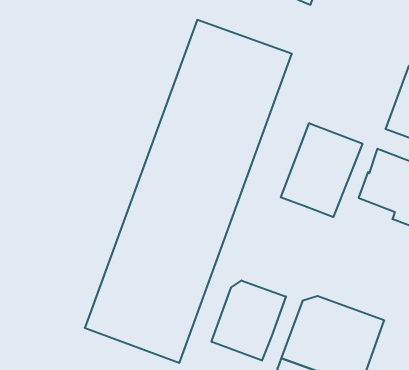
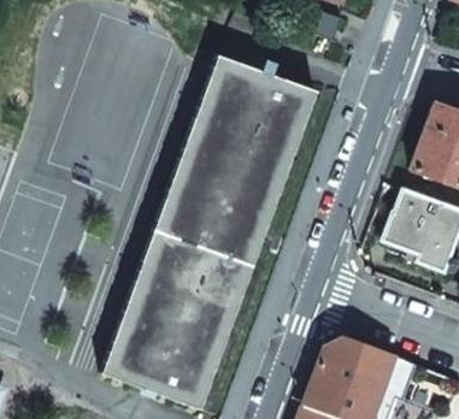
building: [281,123,362,217] -> none
building: [212,280,286,361] -> none

